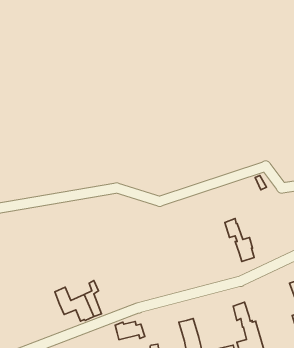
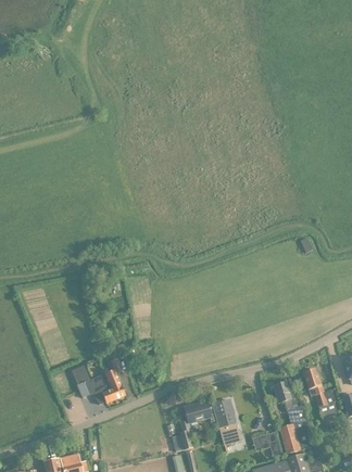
building: [225,219,254,261] -> [303,368,337,417]
building: [115,321,145,339] -> [184,401,217,422]

